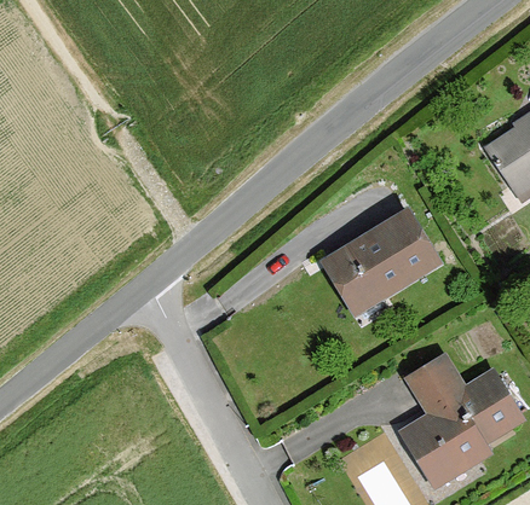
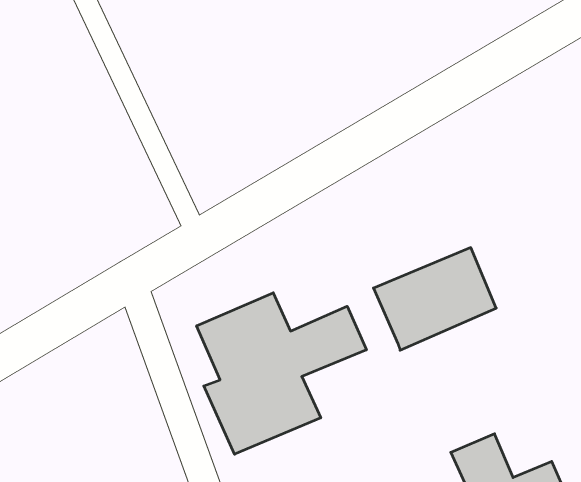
building: none -> [197,293,366,454]

